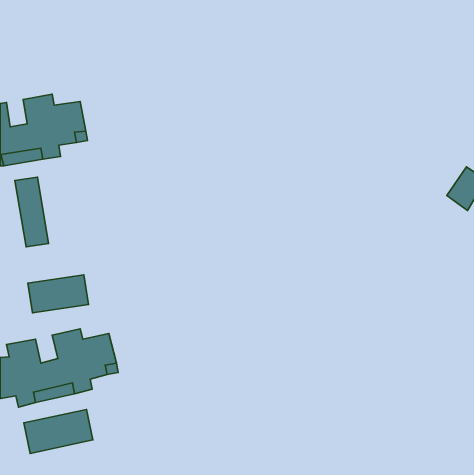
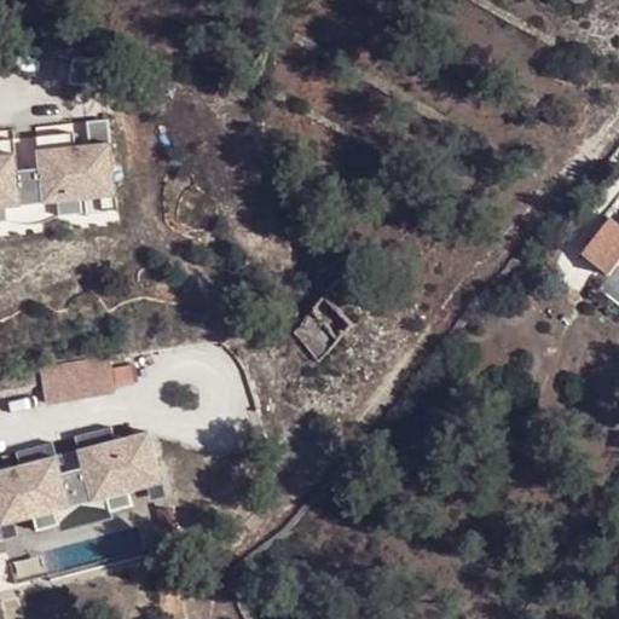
building: [15,177,49,247] -> none
building: [24,410,93,453] -> none

